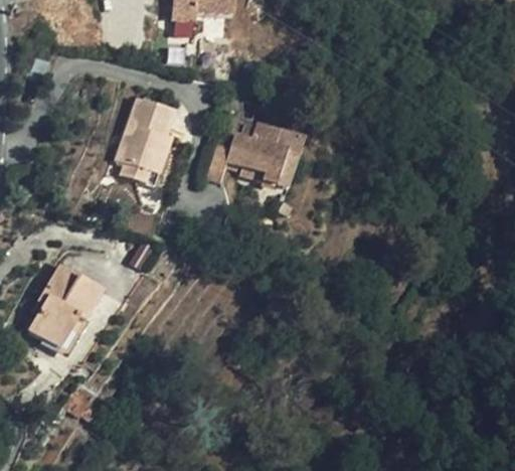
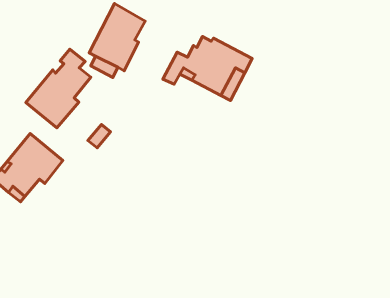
building: none -> [26,49,91,128]

